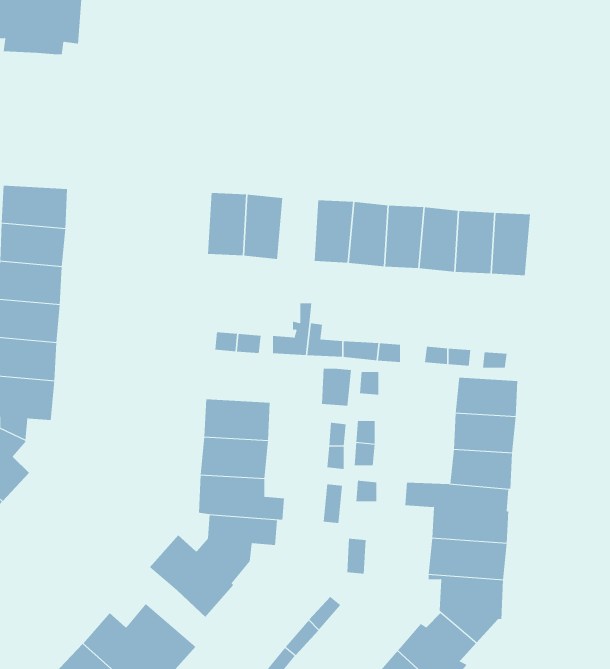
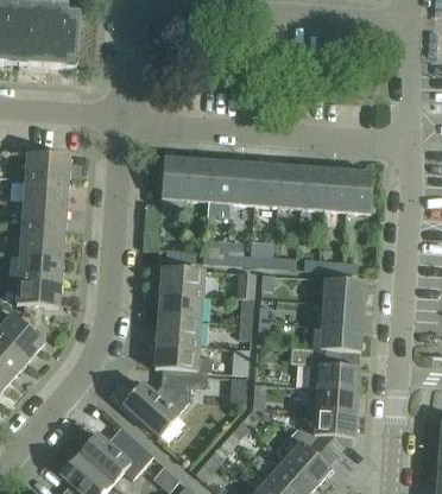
building: none -> [207,160,233,202]
building: none -> [159,266,204,294]

